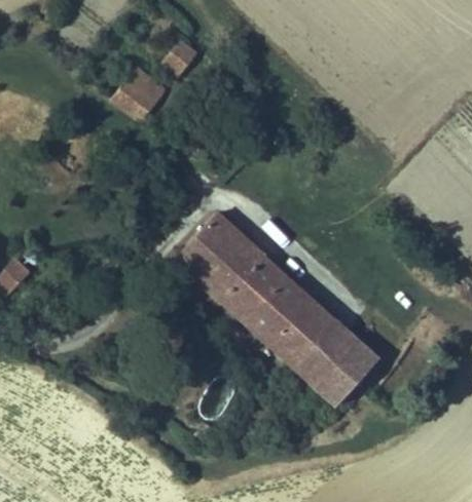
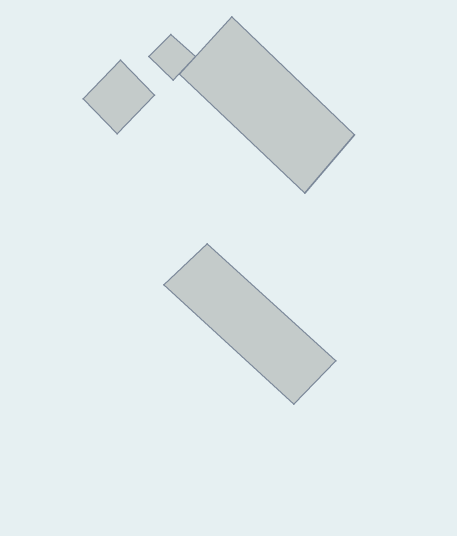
building: none -> [179,17,354,193]
building: [295,321,370,395] -> none

